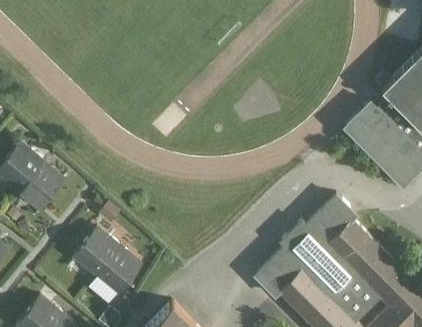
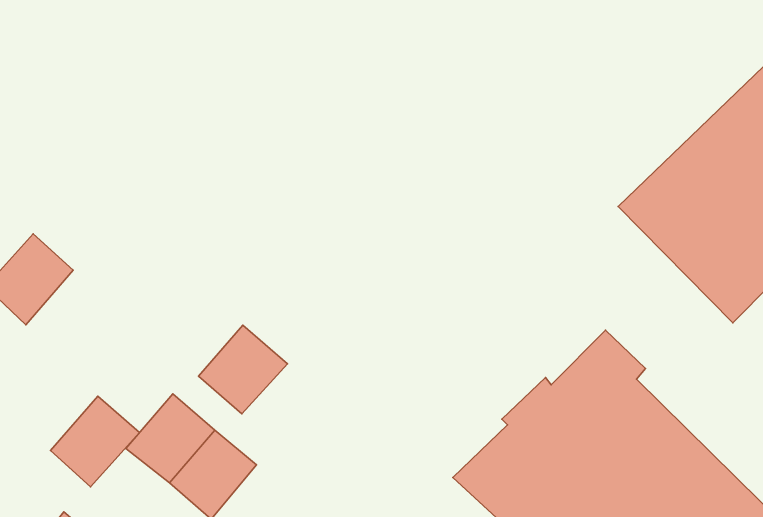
building: [16,162,65,212] -> [50,396,140,487]
building: none -> [199,325,288,414]

